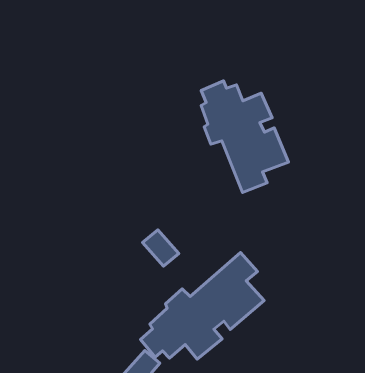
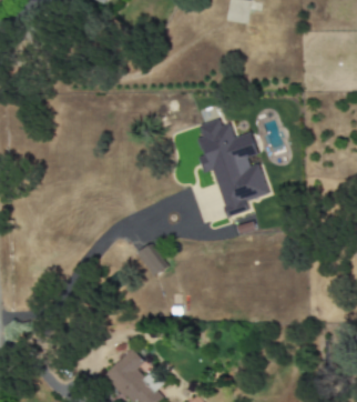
building: [141,253,264,359] -> none

